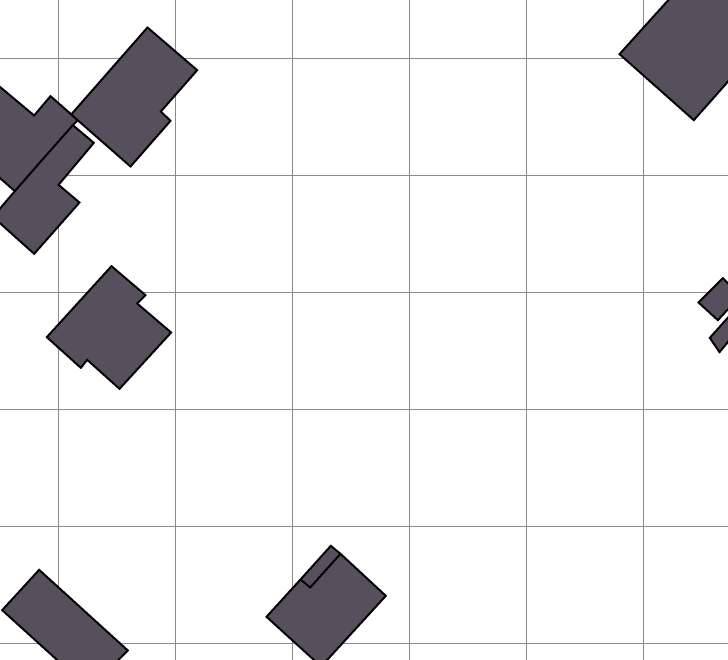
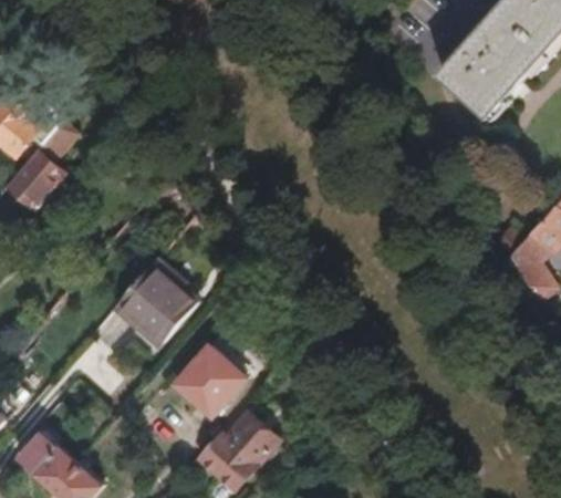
building: [71,28,197,166] -> none
building: [47,266,171,389] -> [112,260,197,344]
building: none -> [173,347,242,417]

